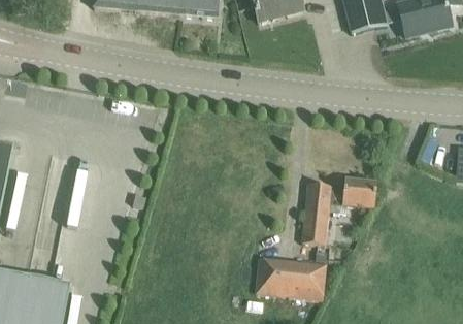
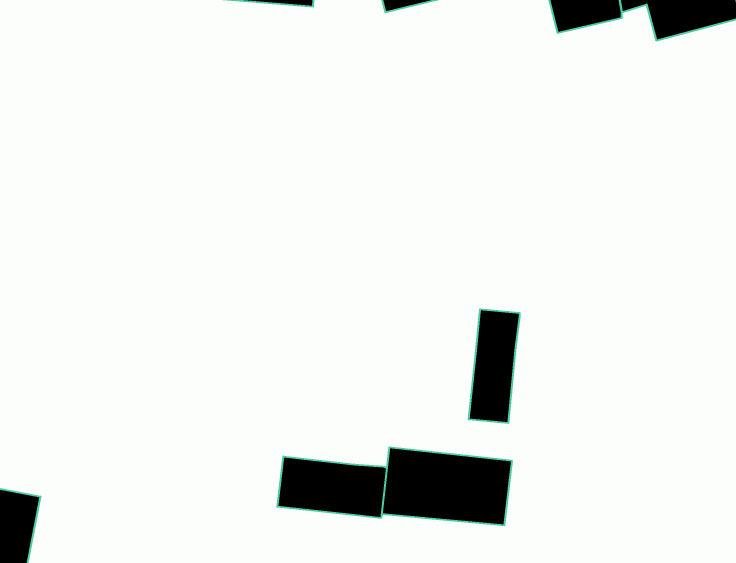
building: [329,176,377,206] -> none
building: none -> [278,456,387,518]

